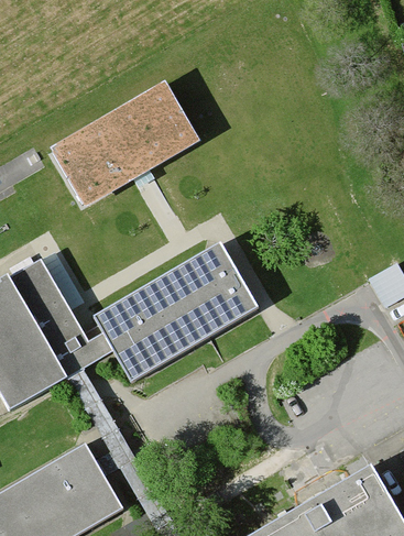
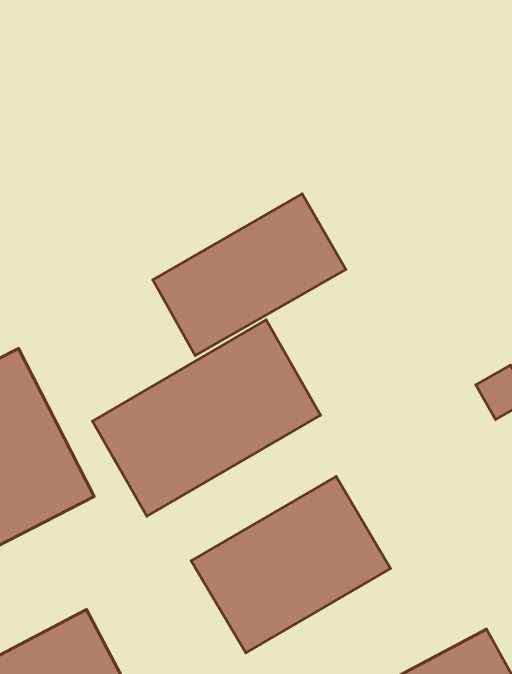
building: [54,87,195,205] -> [153,194,346,355]
building: none -> [191,477,391,653]

